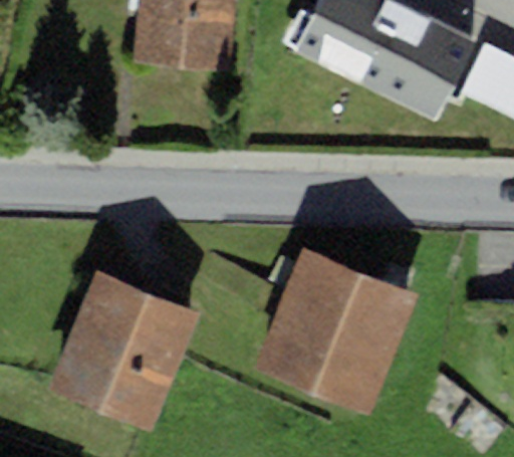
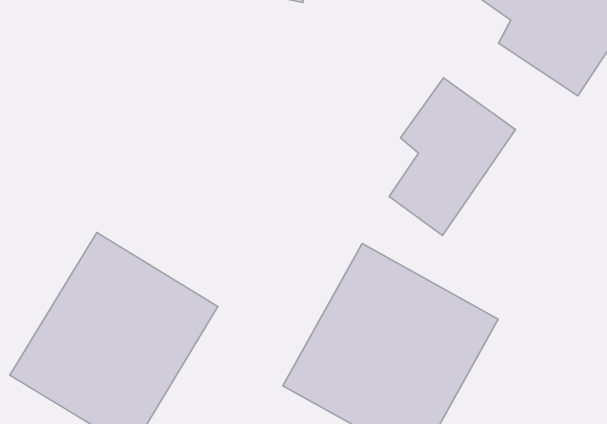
building: none -> [389,78,516,235]

